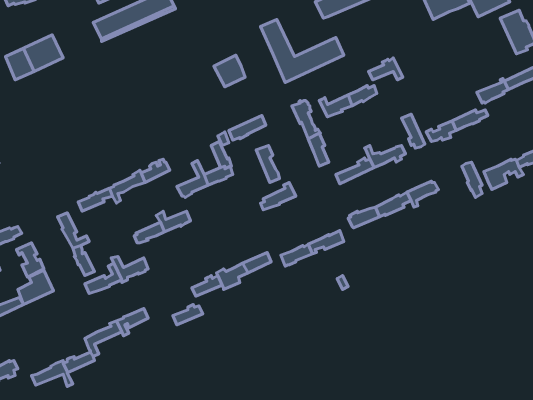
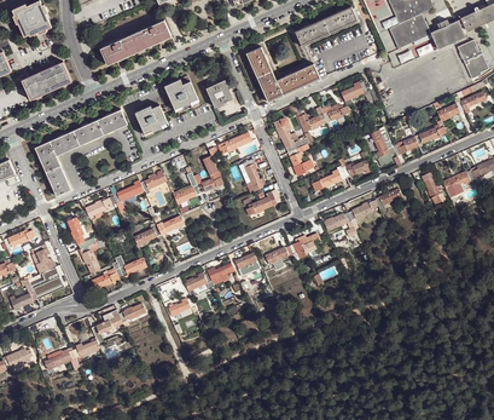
building: none -> [163,75,196,109]
building: none -> [134,104,165,134]
building: none -> [34,109,126,196]

